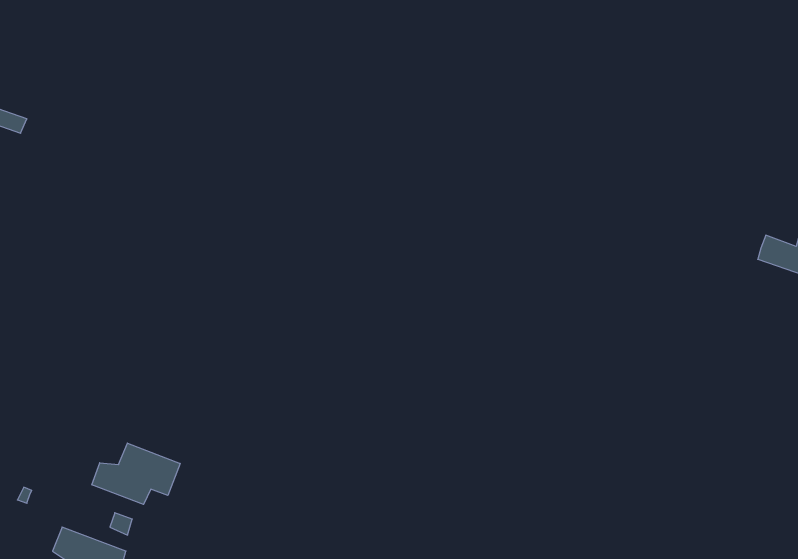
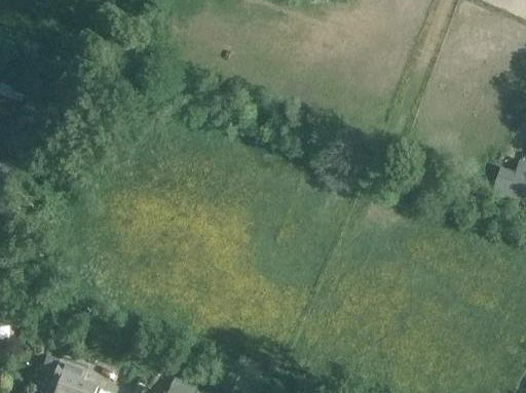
building: [92,443,180,504] -> none

